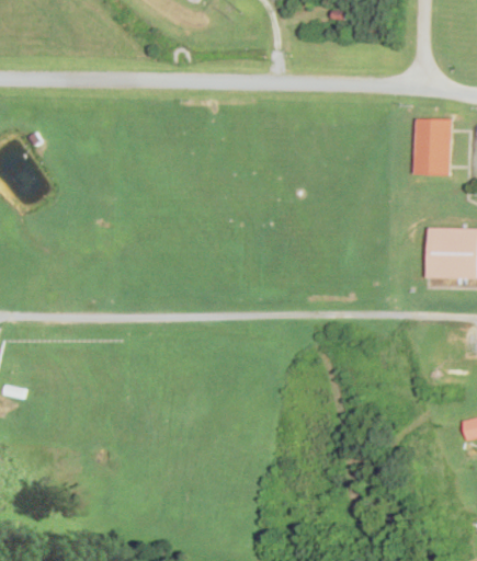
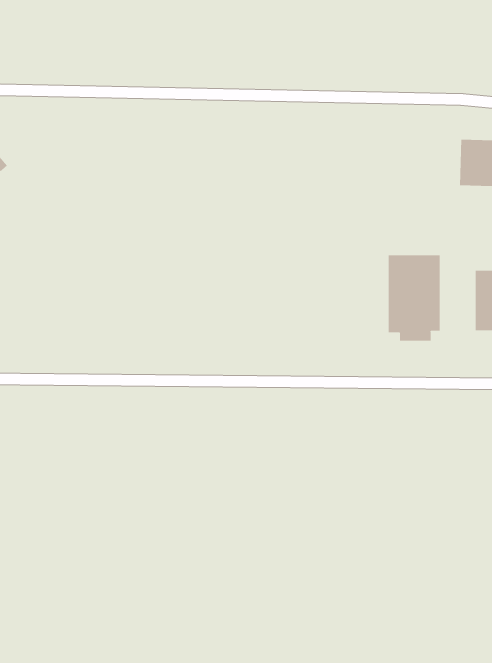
building: none -> [388,254,440,341]

